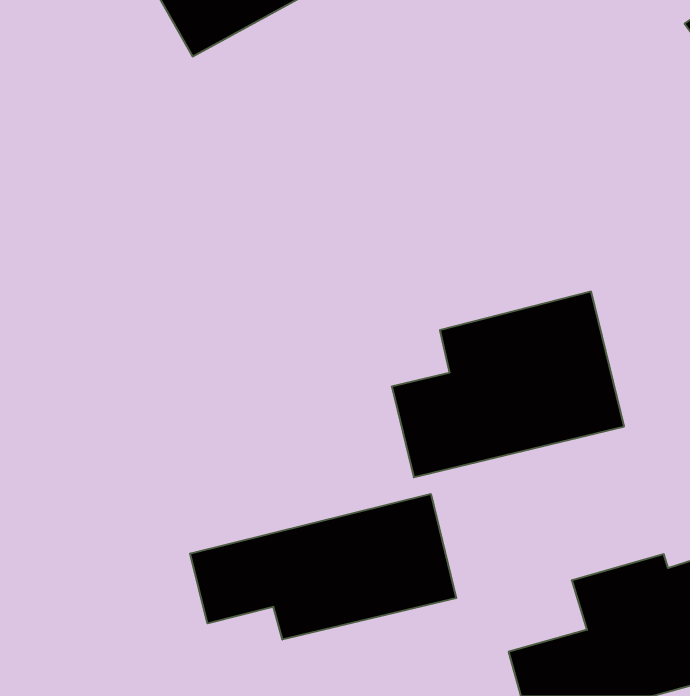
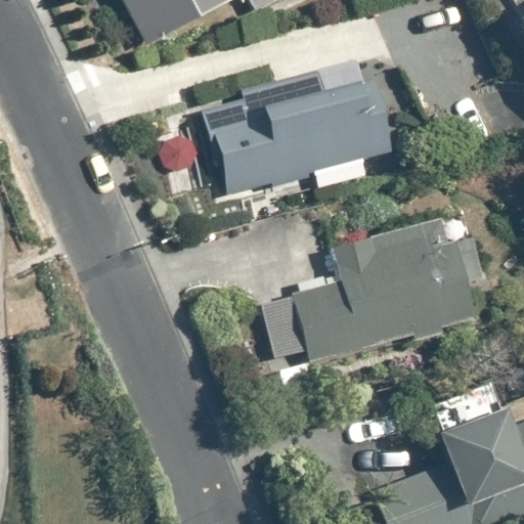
building: none -> [212,72,389,190]
building: [190,494,456,640] -> none

